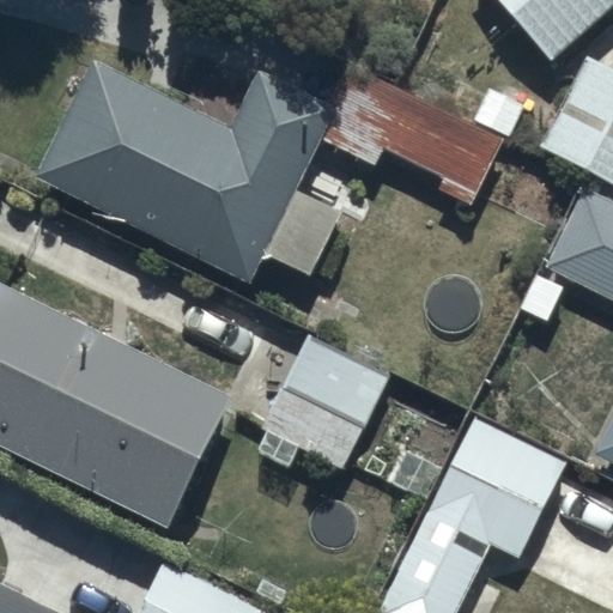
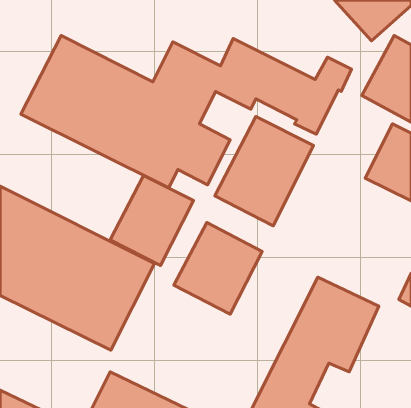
building: none -> [215,116,314,226]
building: none -> [110,175,193,266]

